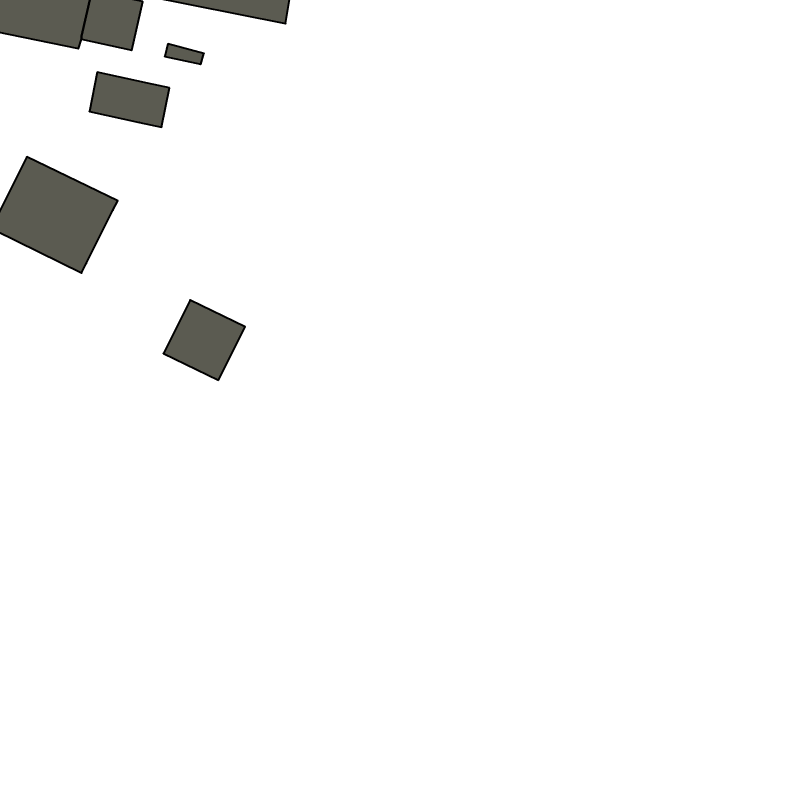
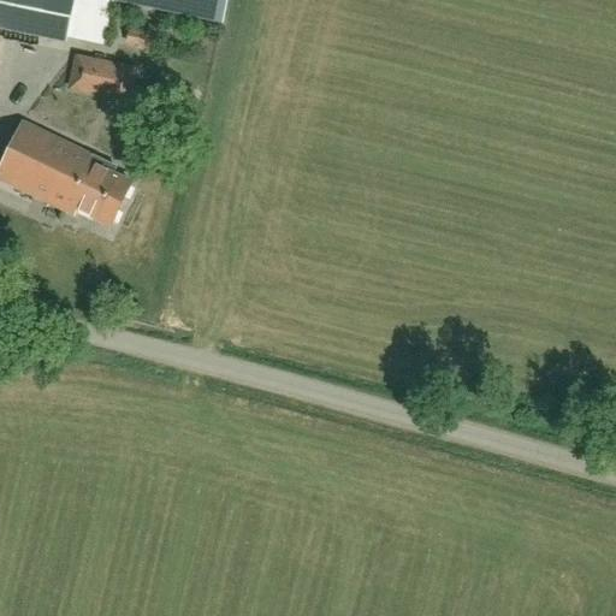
building: [163,300,245,380] -> [66,161,129,223]

